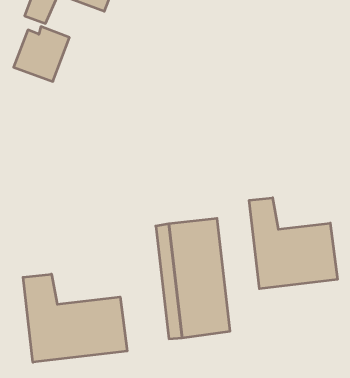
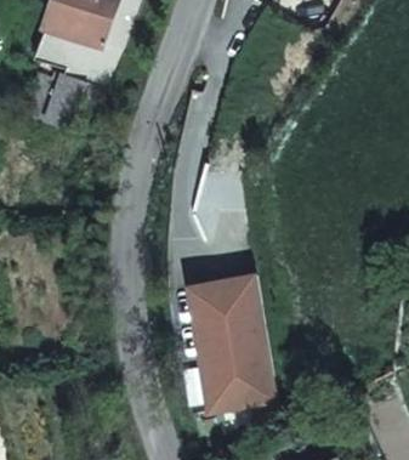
building: [249,198,337,289] -> none
building: [23,274,127,362] -> none

